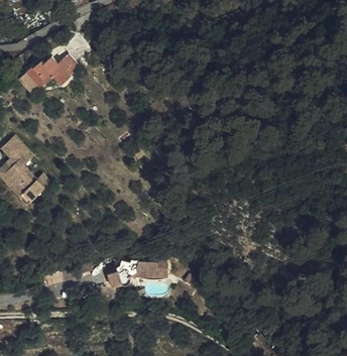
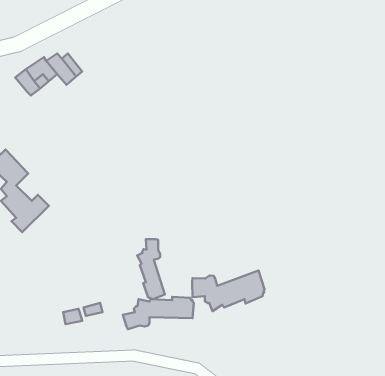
building: none -> [137,239,165,299]
building: none -> [192,271,265,311]

